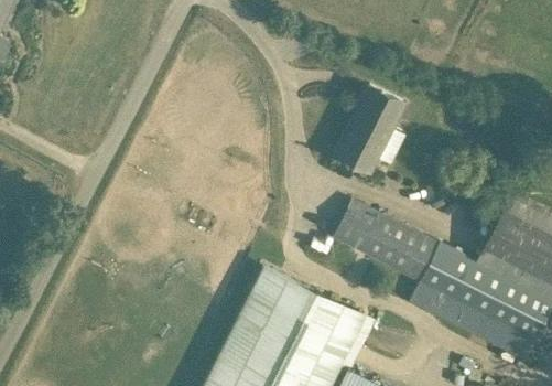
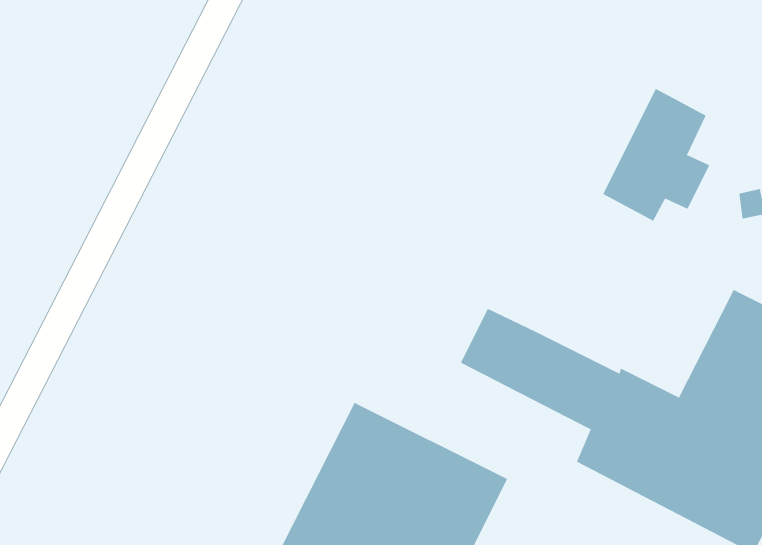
building: [336,86,405,172] -> [602,88,710,221]

